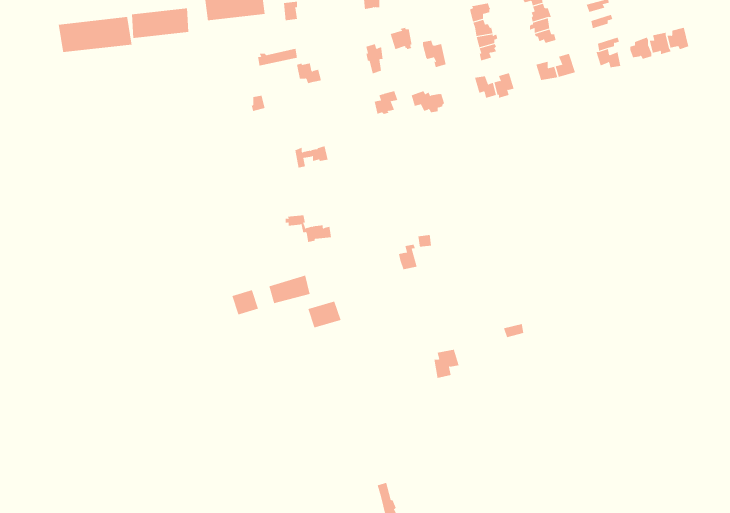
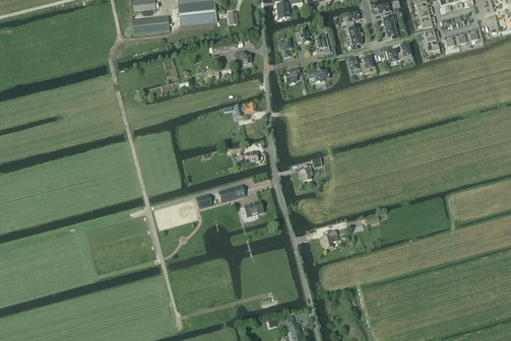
building: [58,16,132,53] -> none

